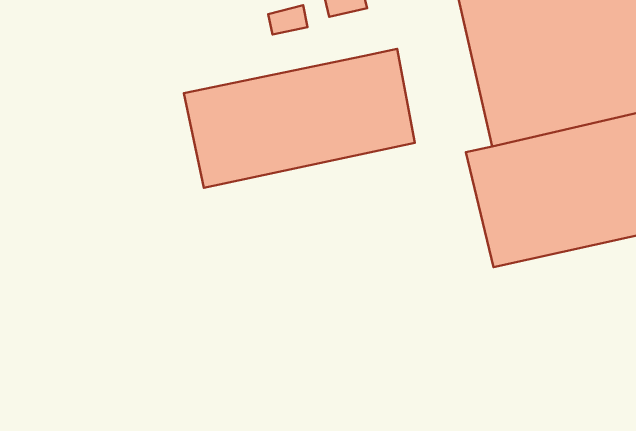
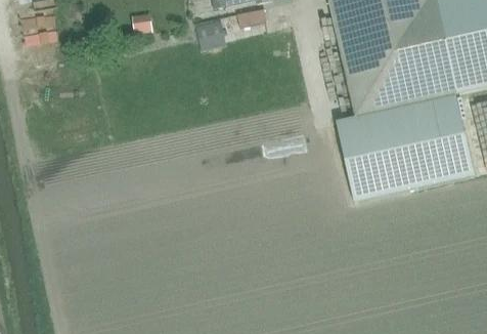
building: [184,49,415,188] -> none

